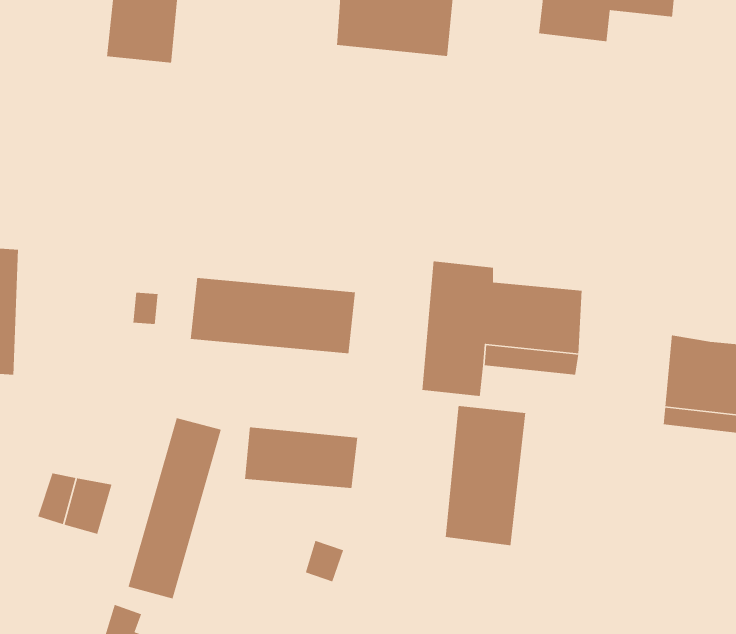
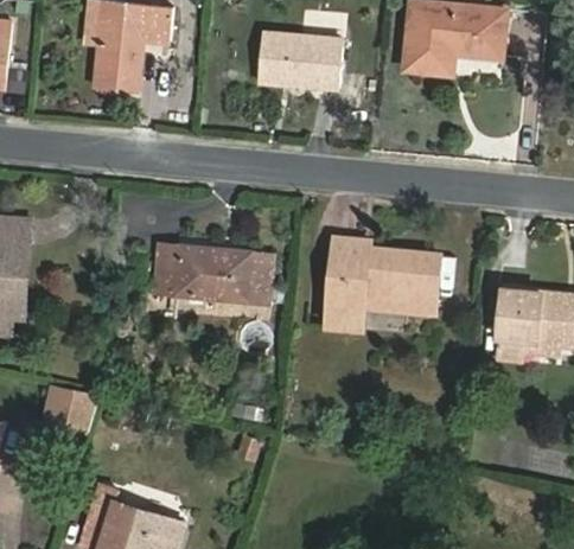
building: [445,405,526,546] -> none
building: [128,417,222,599] -> none
building: [244,426,358,489] -> none

